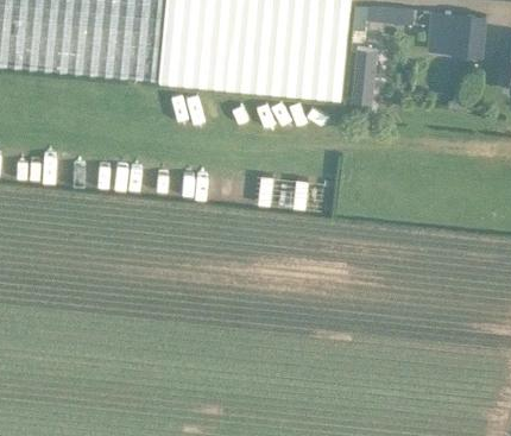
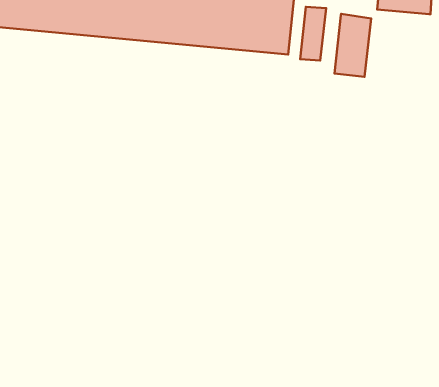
building: none -> [334,14,371,77]

